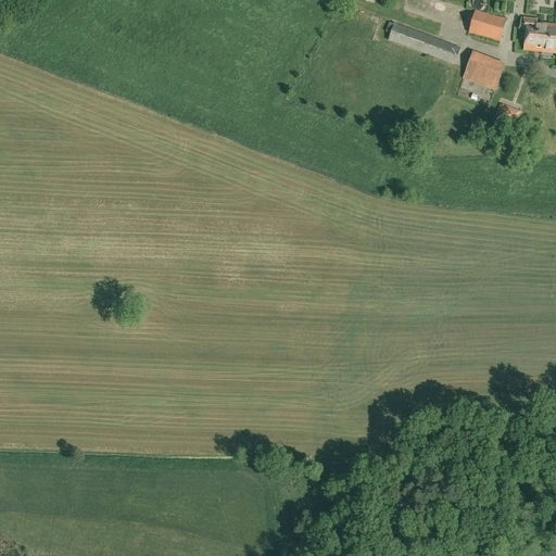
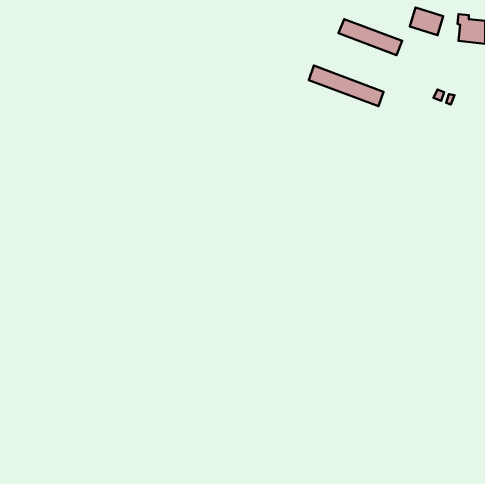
building: [462,49,505,89] -> none
building: none -> [309,66,384,106]

